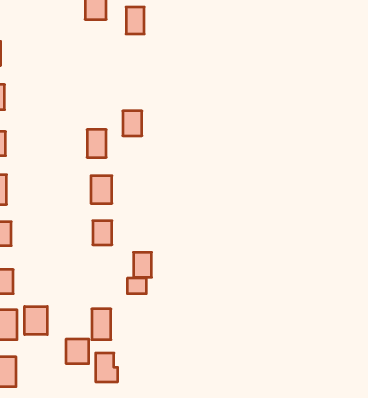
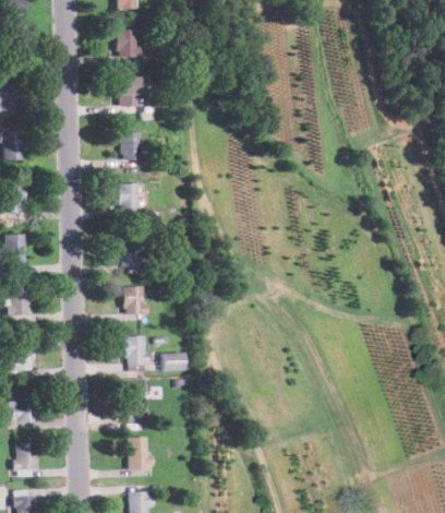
building: [126,7,144,34] -> [119,77,140,108]
building: [123,111,142,136] -> [121,132,143,160]
building: [133,252,152,277] -> [125,336,146,365]
building: [25,306,47,335] -> none
building: [66,339,89,364] -> none

